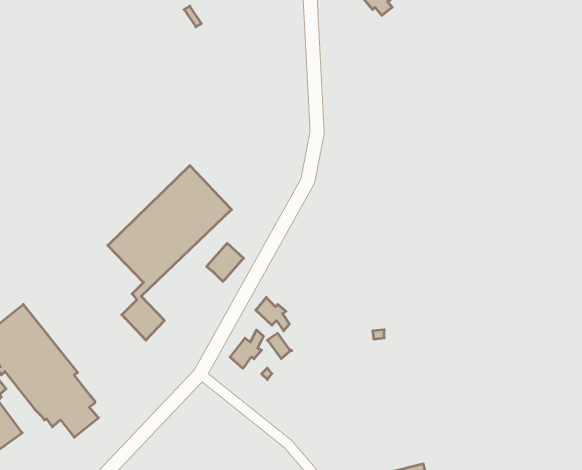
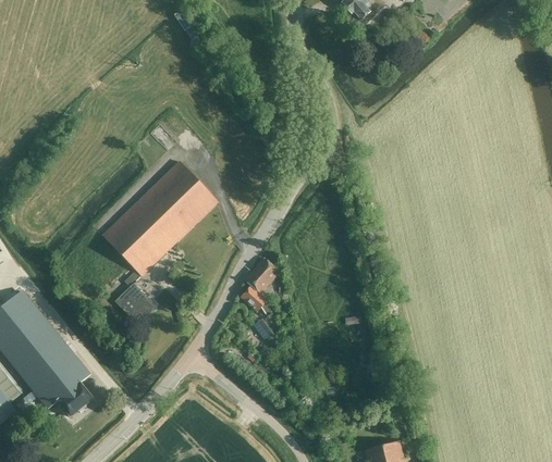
building: [207,243,244,281] -> [245,257,280,292]
building: [230,330,263,368] -> none

